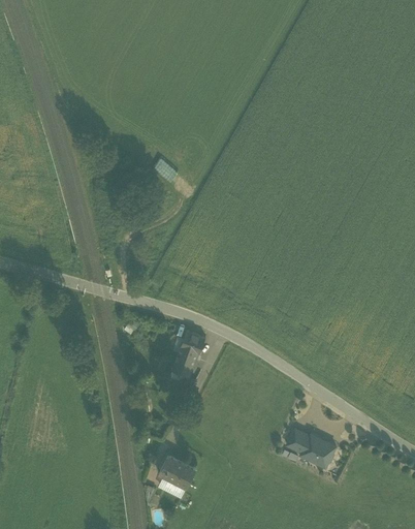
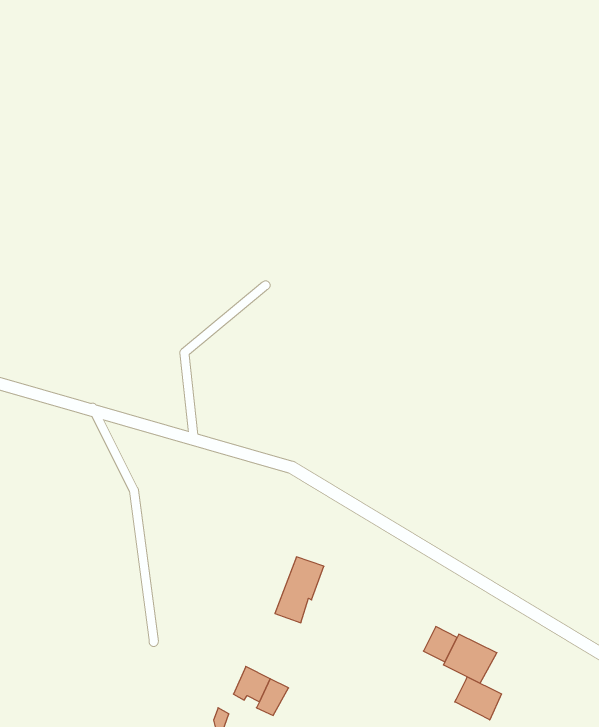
building: [171,333,204,377] -> [275,557,324,623]
building: none -> [455,677,501,720]

